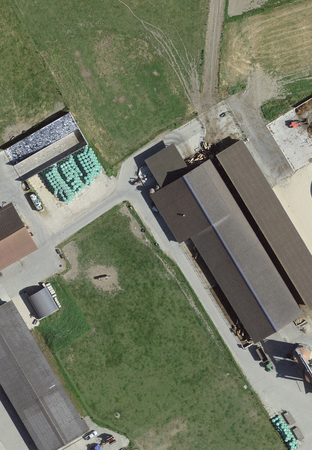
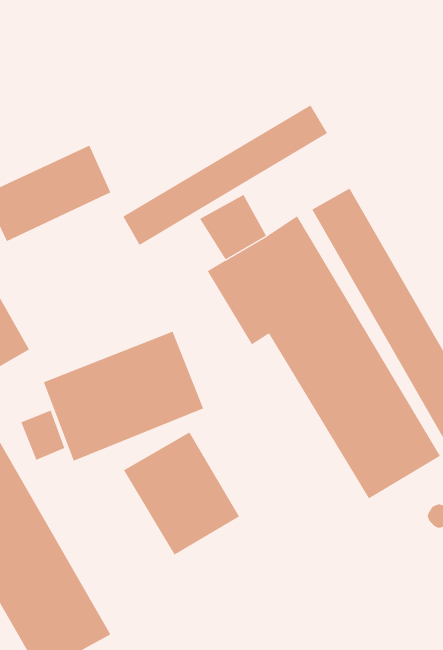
building: none -> [123,105,328,246]
building: none -> [43,331,204,461]
building: none -> [123,432,240,556]

